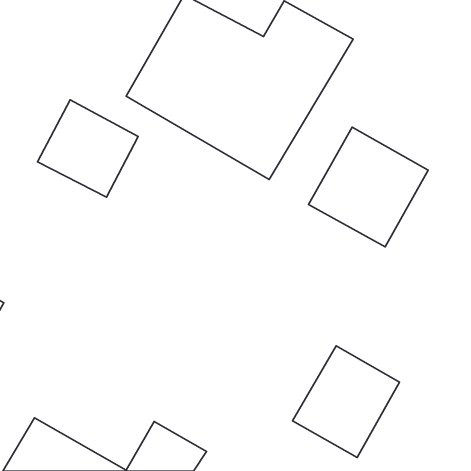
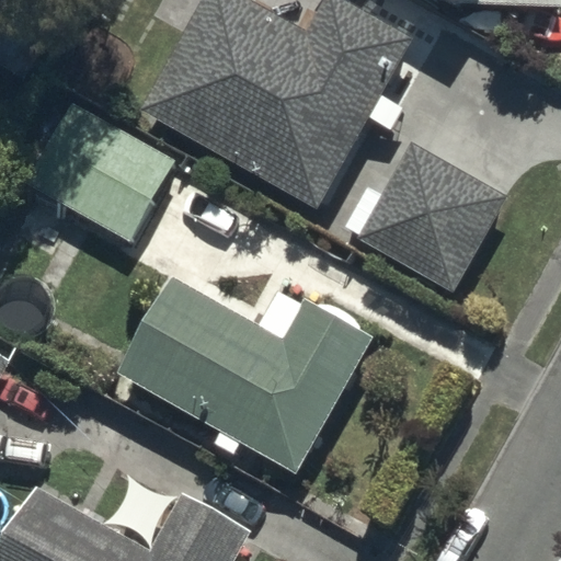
building: none -> [119,272,357,458]
building: [292,346,399,457] -> none

